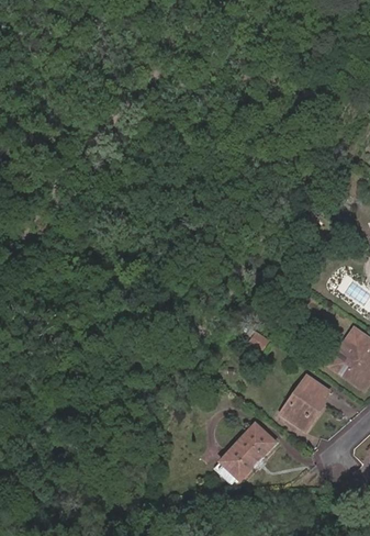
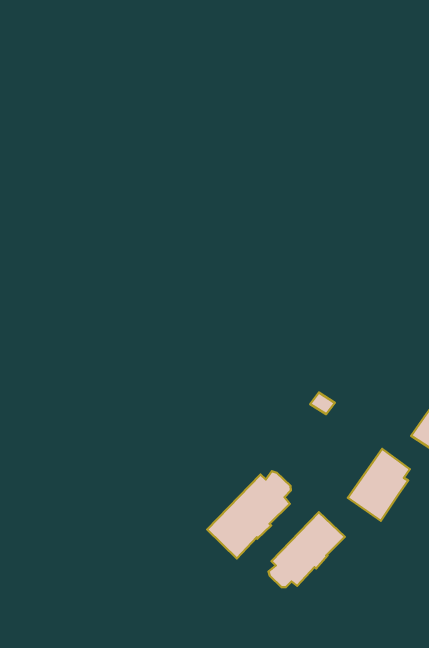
building: none -> [207,471,291,559]

